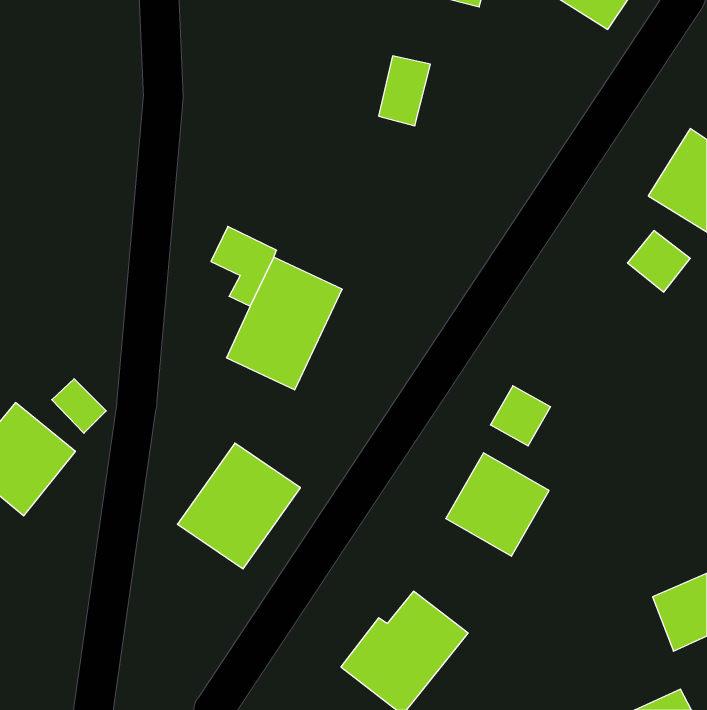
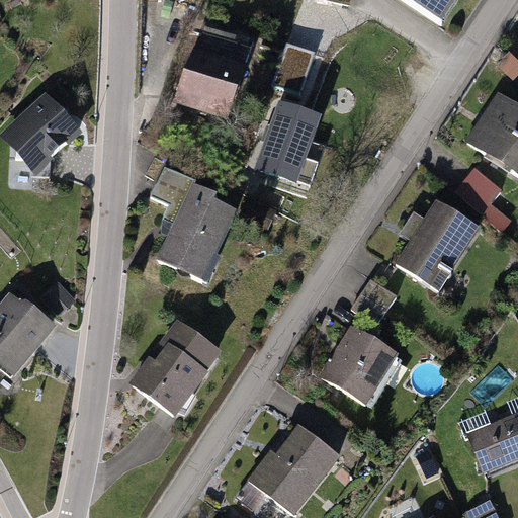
building: none -> [175,26,256,118]
building: none -> [252,94,320,182]
building: none -> [5,95,78,167]
building: none -> [396,199,480,289]

